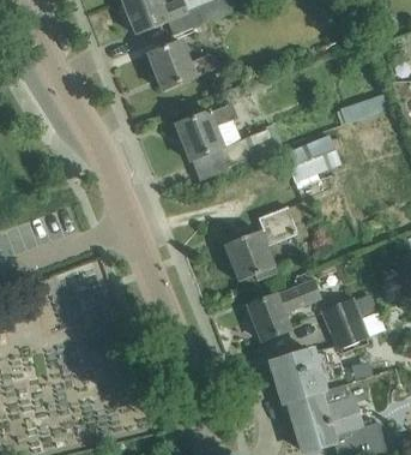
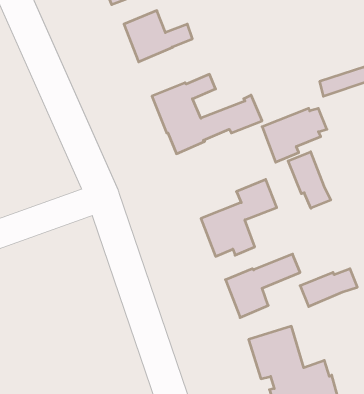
building: none -> [288,152,331,208]
building: [328,316,370,348] -> none

